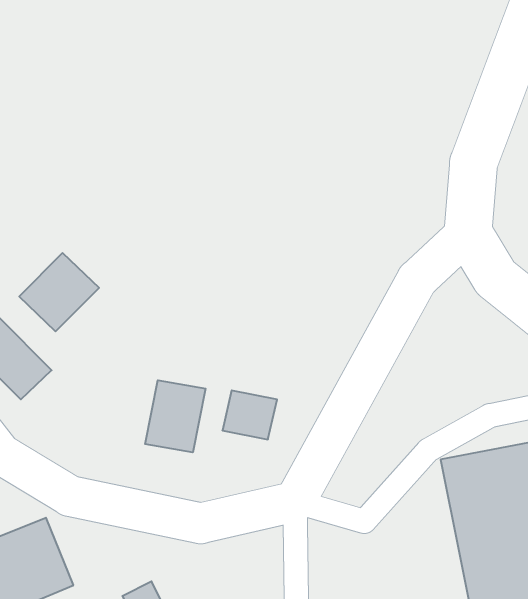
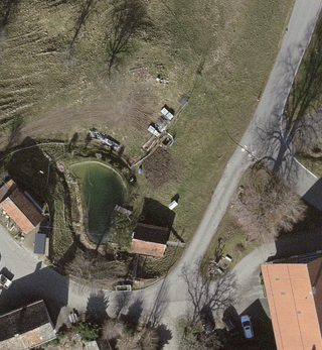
building: [19,253,99,331] -> none
building: [145,380,206,452] -> none

